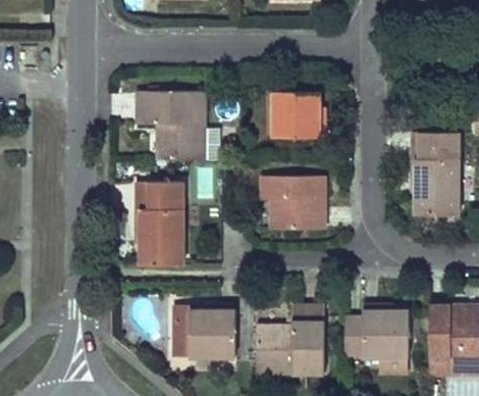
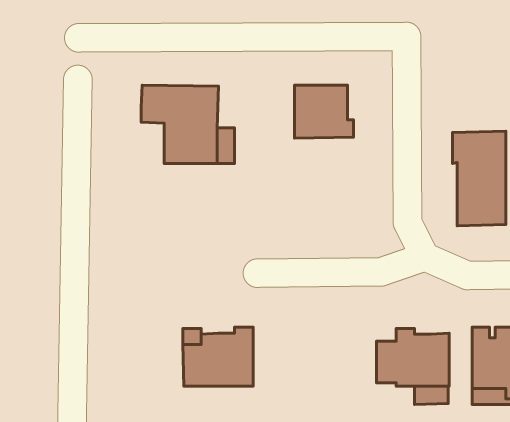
building: [261,175,324,229] -> none
building: [137,182,182,264] -> none
building: [256,304,324,373] -> none

